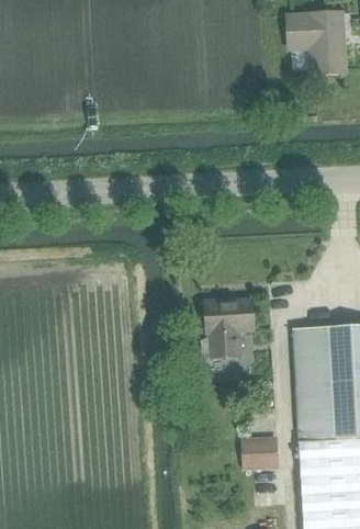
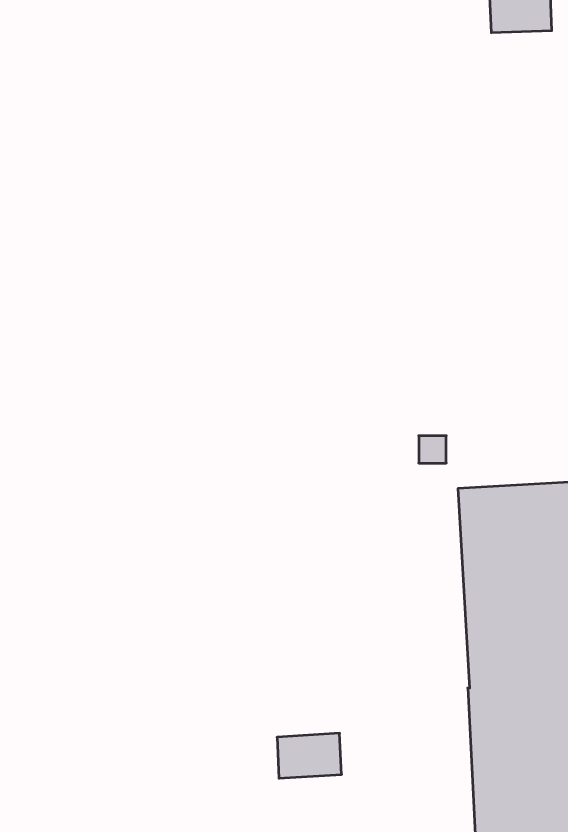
building: [202,299,252,359] -> none
building: [241,443,278,469] -> [277,733,342,778]

